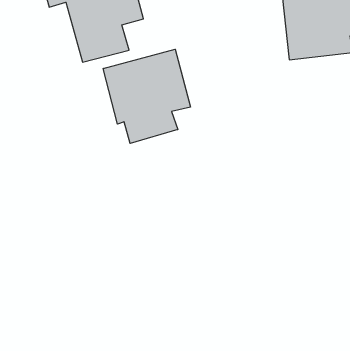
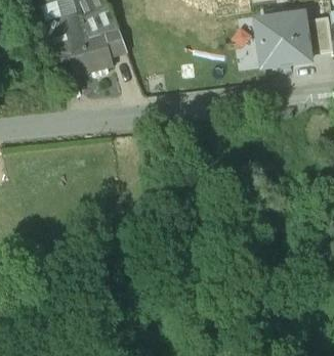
building: [103,49,190,143] -> none

